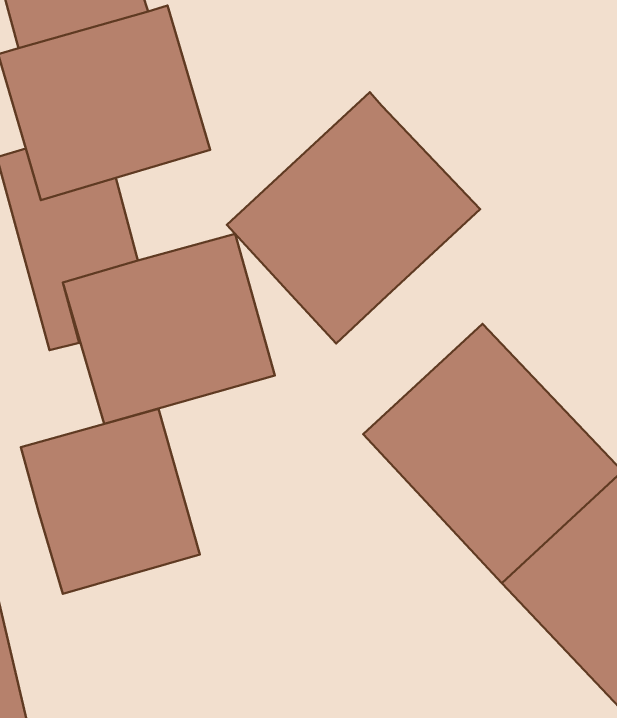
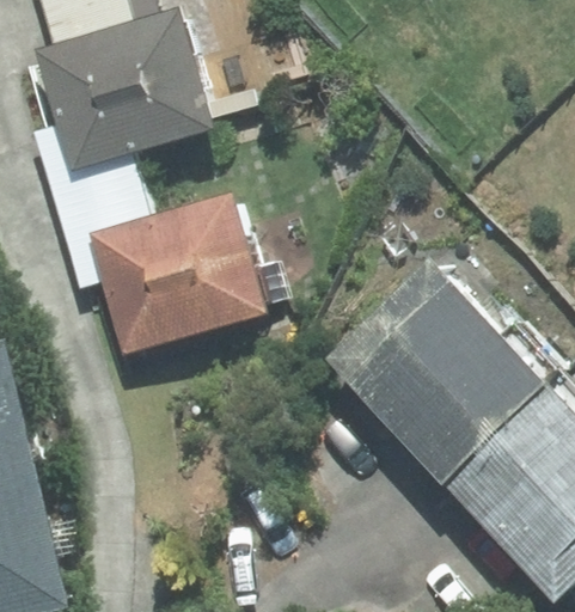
building: [227,92,480,343] -> none
building: [21,409,200,594] -> none

